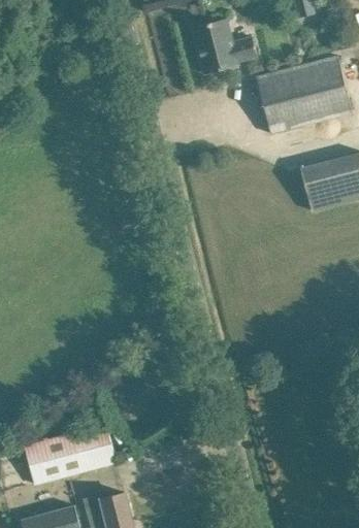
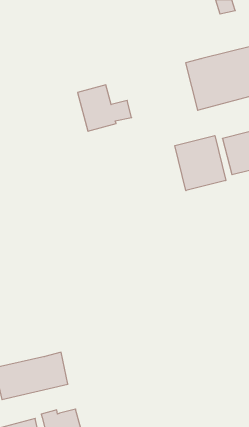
building: [192,19,257,74] -> [78,85,132,131]
building: none -> [175,136,226,191]

